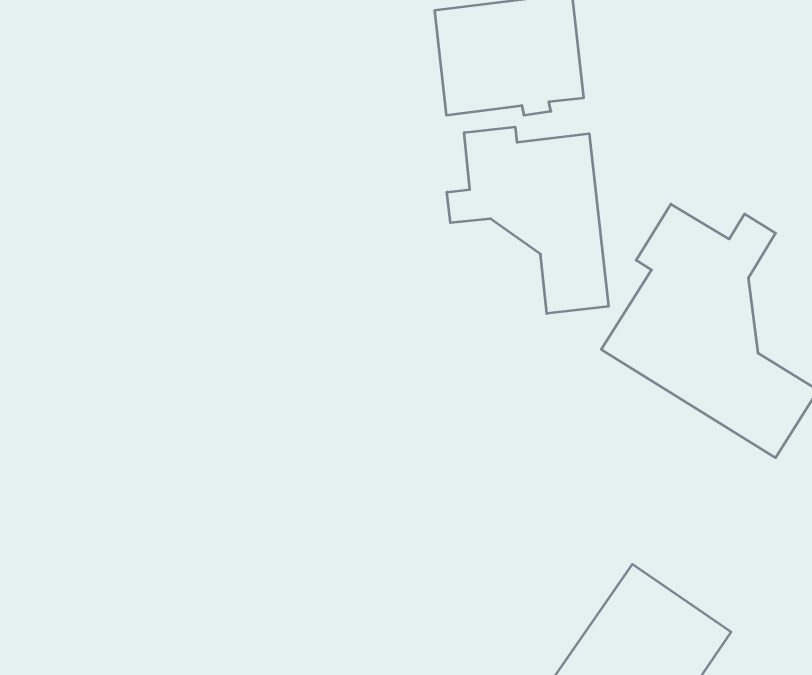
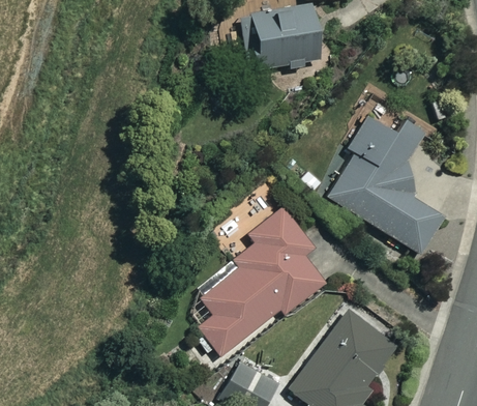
building: [447,127,608,314] -> none
building: none -> [199,206,330,355]

